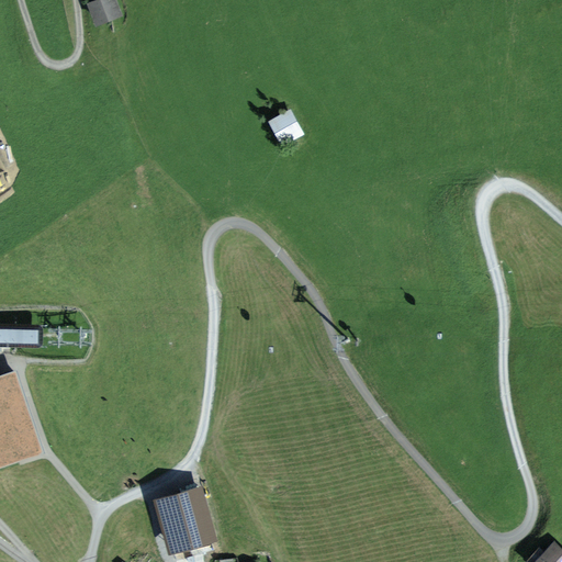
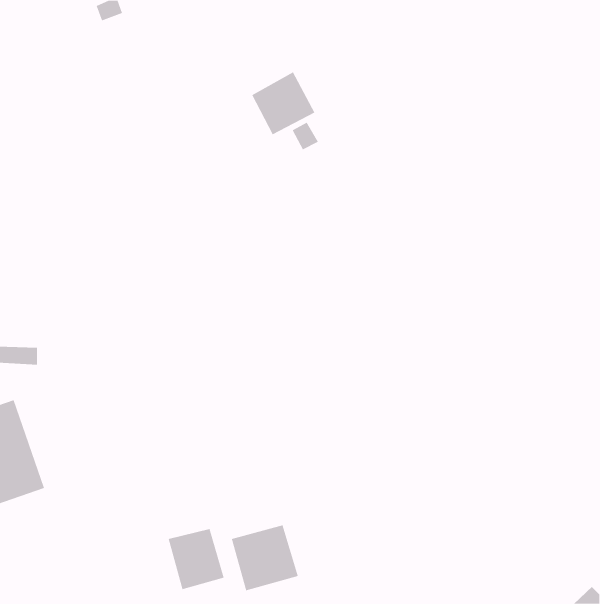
building: none -> [251,71,315,135]
building: none -> [231,525,299,591]

